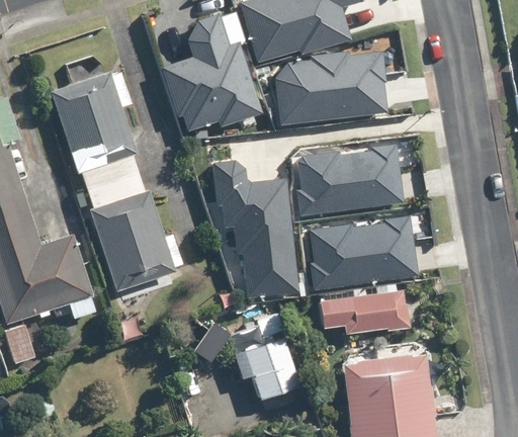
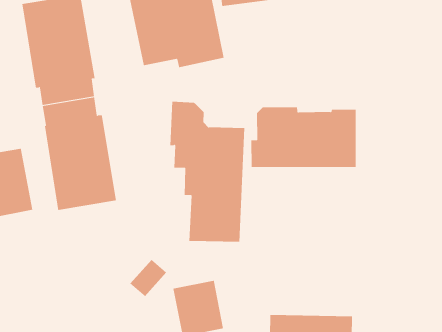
building: [278,53,392,127] -> none
building: [312,216,420,291] -> none
building: [319,288,406,332] -> none

